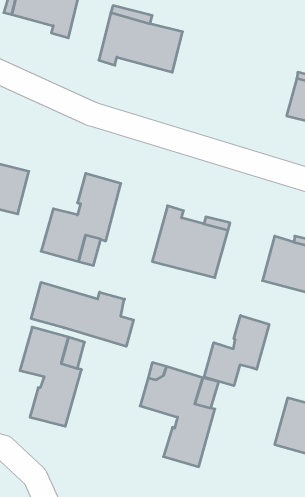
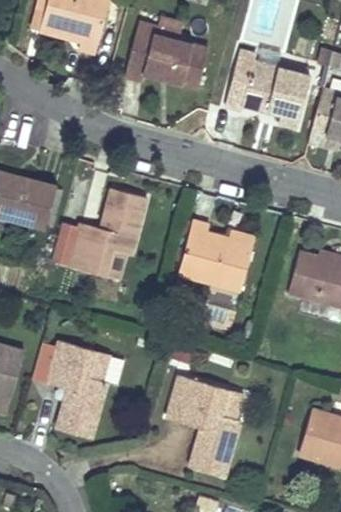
building: none -> [225,51,310,129]
building: [31,282,134,346] -> none
building: [204,315,269,386] -> none

